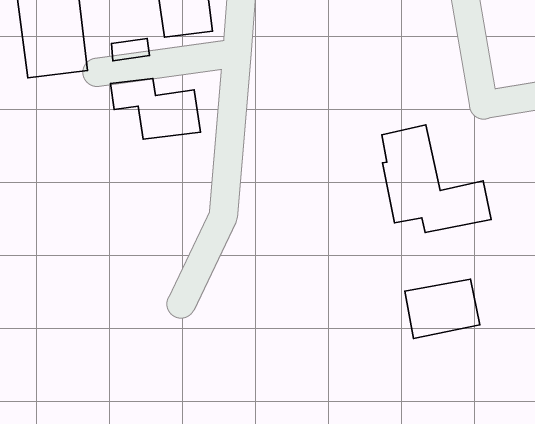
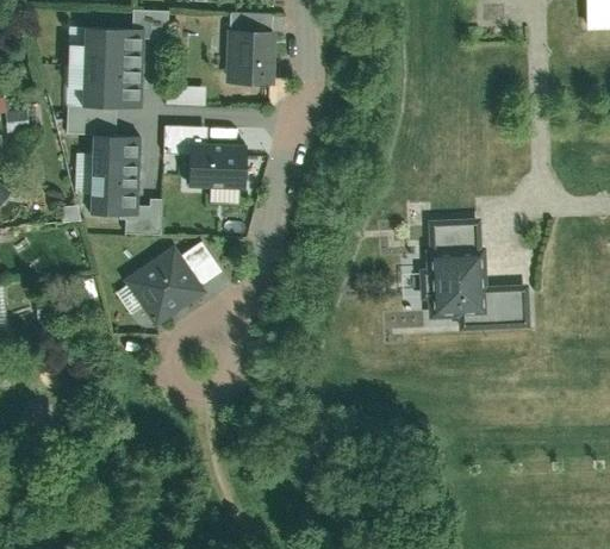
building: none -> [88,136,142,218]
building: none -> [123,237,224,324]
building: [405,279,480,338] -> none

